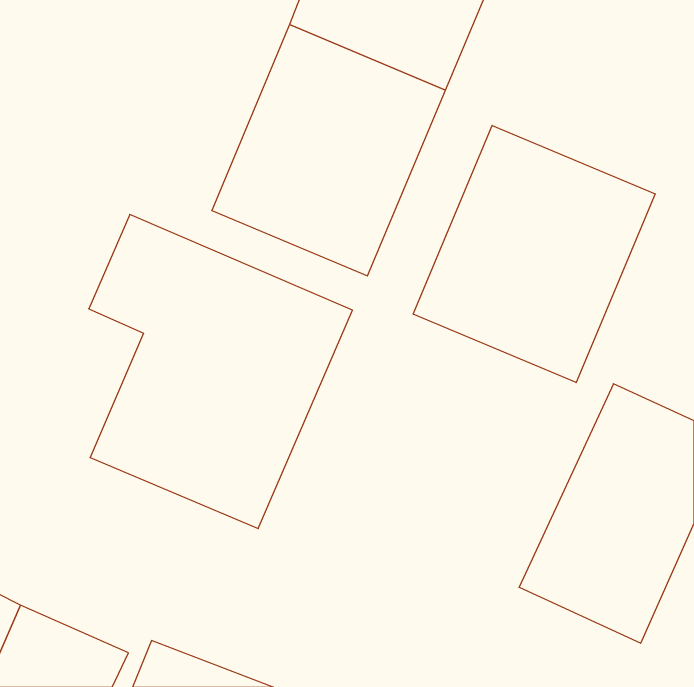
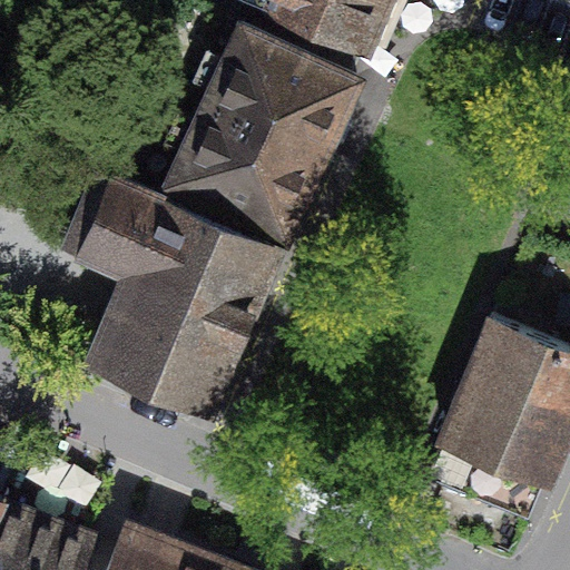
building: [413,125,655,383] -> none

